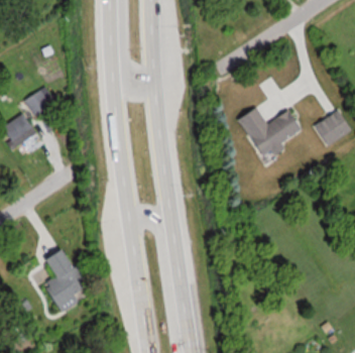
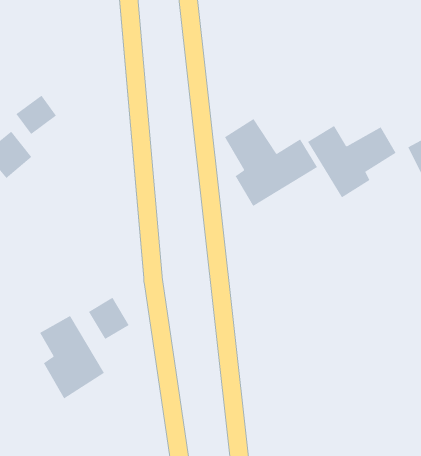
building: none -> [224,118,318,207]
building: none -> [88,297,129,340]

